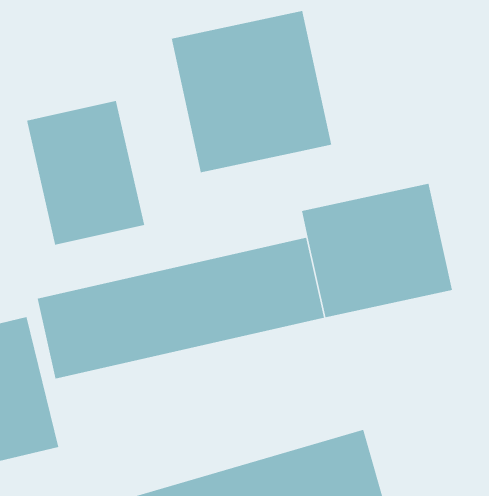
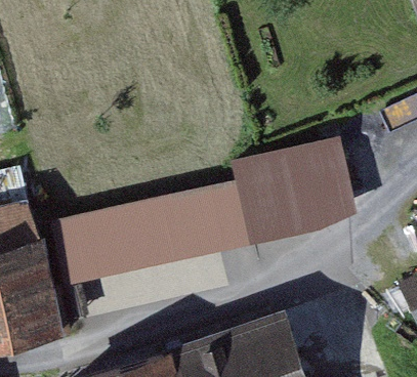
building: [171,10,332,173] -> none
building: [27,100,145,245] -> none

